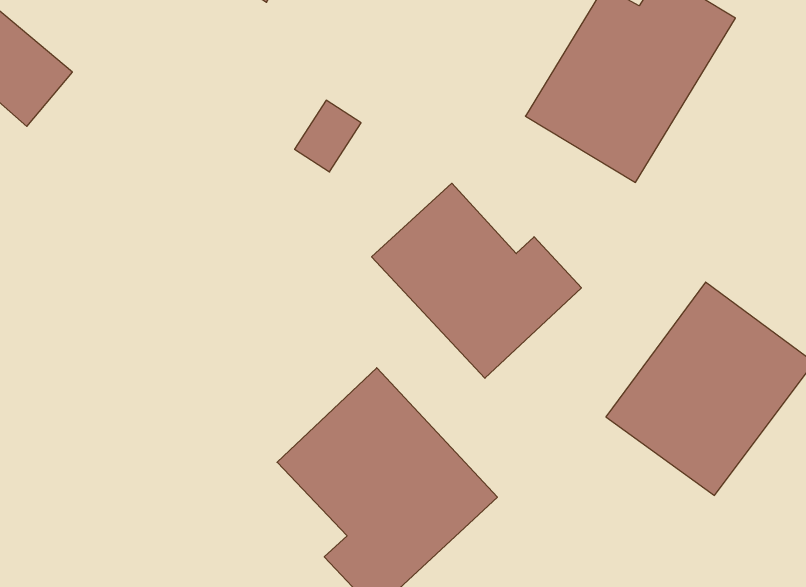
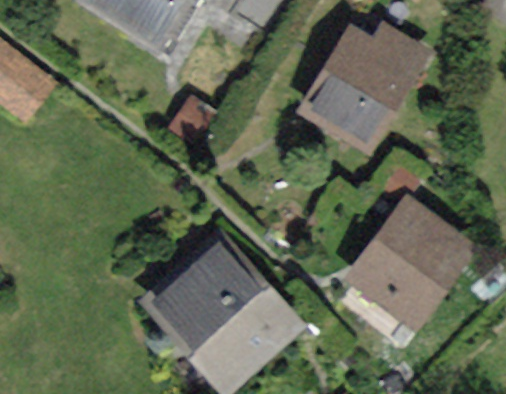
building: [372,183,581,378] -> none

